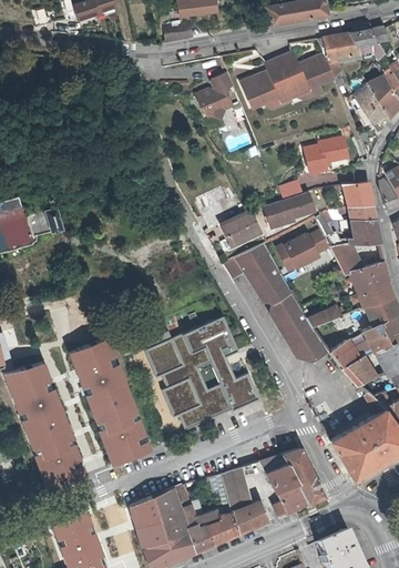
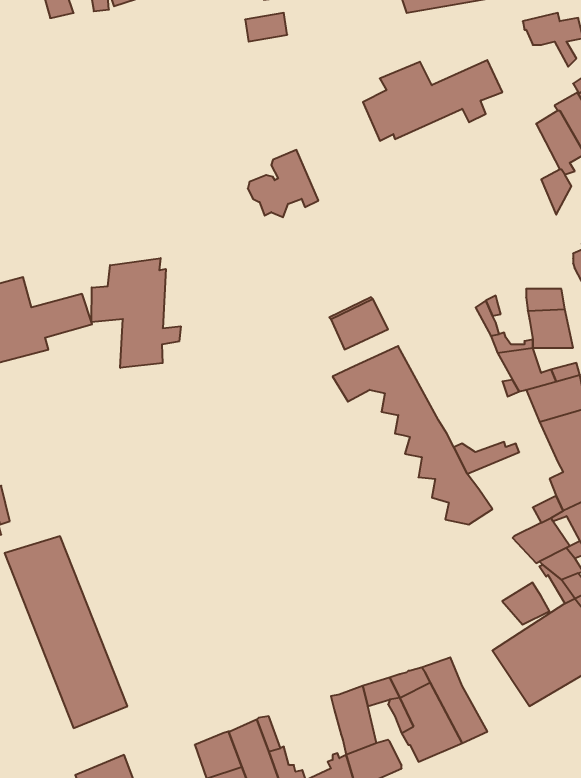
building: [319,33,358,78] -> none
building: [197,72,244,116] -> [248,150,318,217]
building: [308,135,350,171] -> none
building: [345,182,374,204] -> none
building: none -> [91,258,181,368]
building: [265,192,311,226] -> none
building: [279,233,324,265] -> none
building: [145,316,259,430] -> none
building: [69,339,151,468] -> none
building: [329,339,360,367] -> [502,583,549,625]

